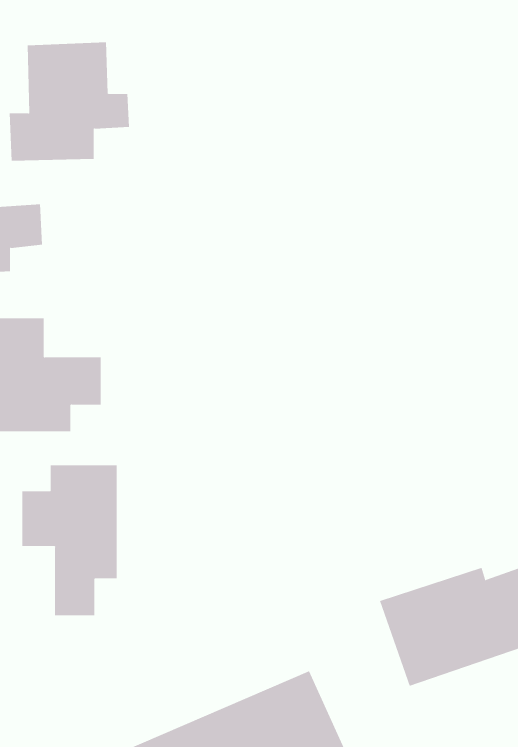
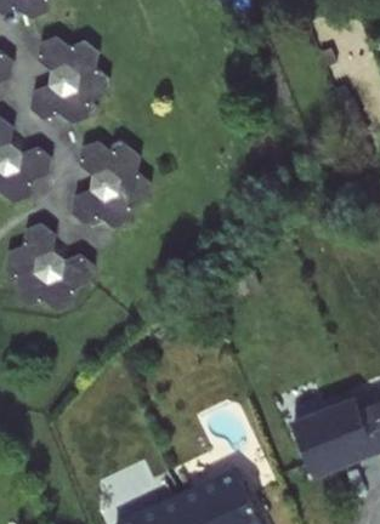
building: none -> [69,141,148,226]
building: [22,465,117,616] -> none

